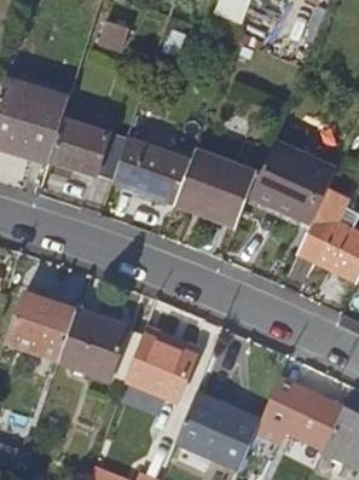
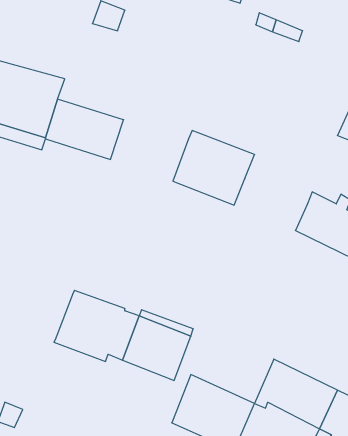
building: [115,137,193,201] -> none
building: [250,143,337,224] -> none
building: [10,294,77,360] -> none

